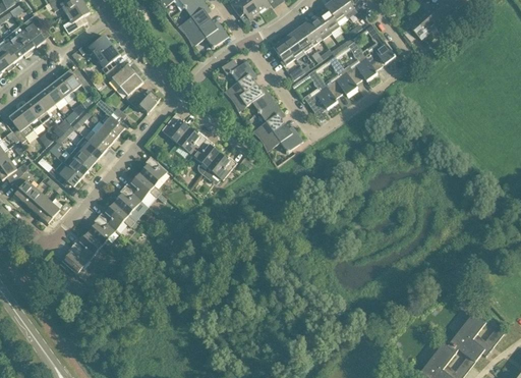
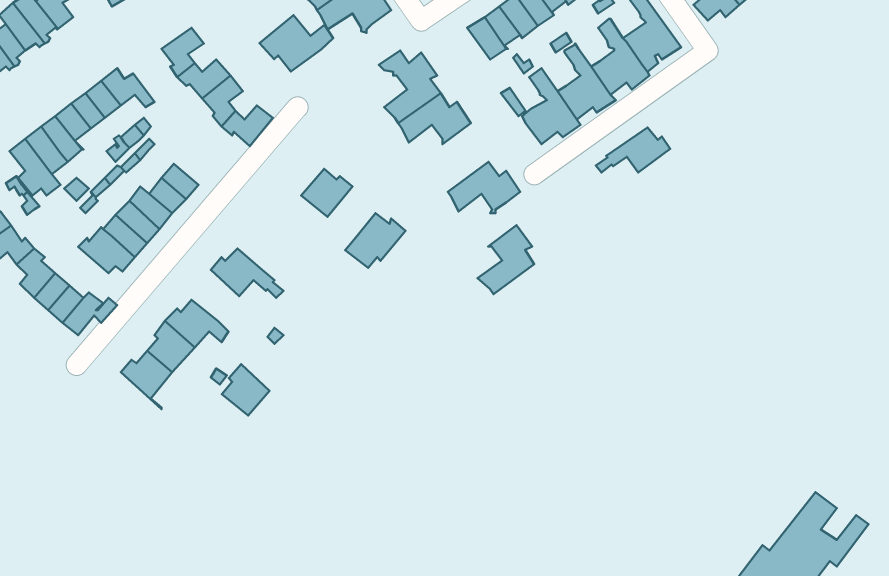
building: [78,35,113,57] -> none
building: none -> [259,15,333,71]
building: [95,98,124,136] -> none
building: [251,100,284,140] -> [477,225,534,294]
building: none -> [596,127,670,173]
building: [161,112,189,142] -> none
building: [191,137,219,173] -> none
building: [139,155,167,184] -> none
building: [113,184,140,214] -> [222,364,269,415]
building: [61,244,96,279] -> none

